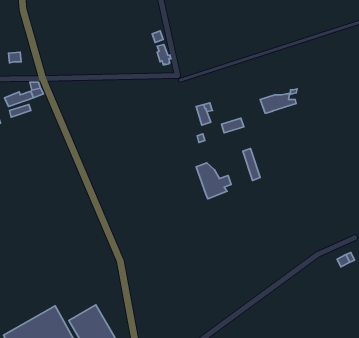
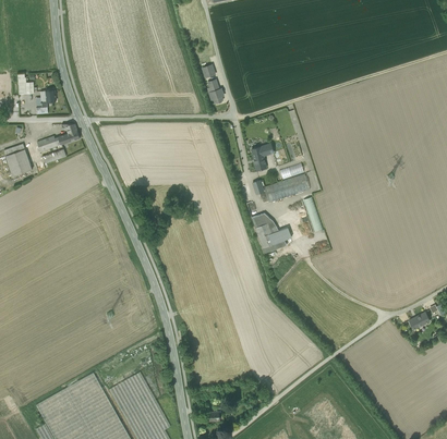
building: [260,89,297,113] -> [263,175,304,203]

